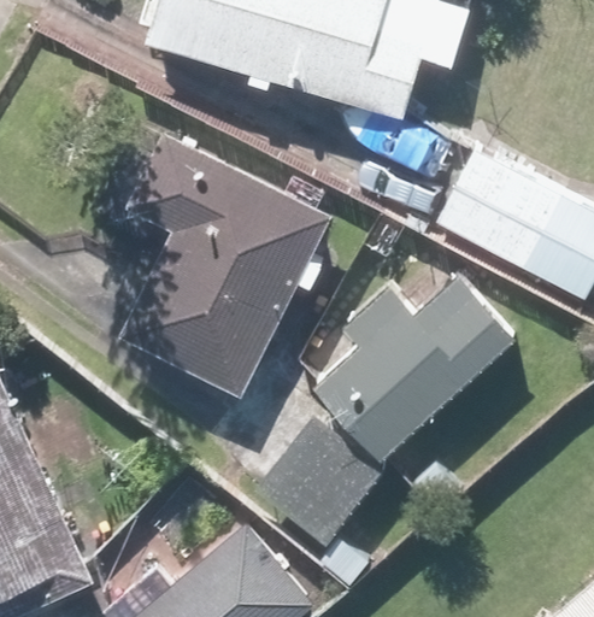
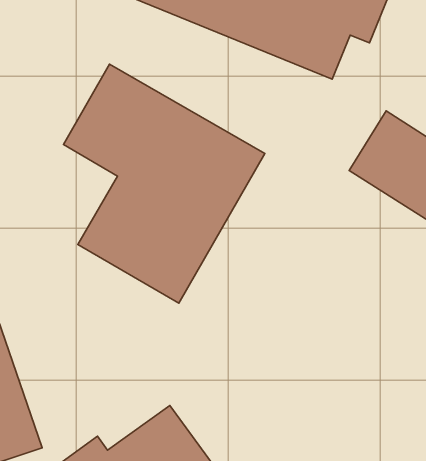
building: [317,274,522,459] -> none
building: [252,415,383,546] -> none

